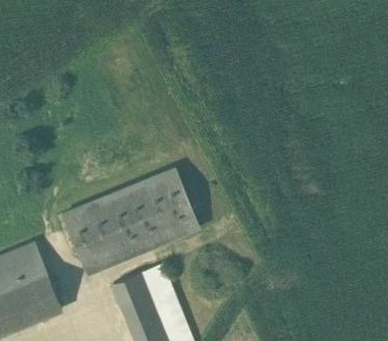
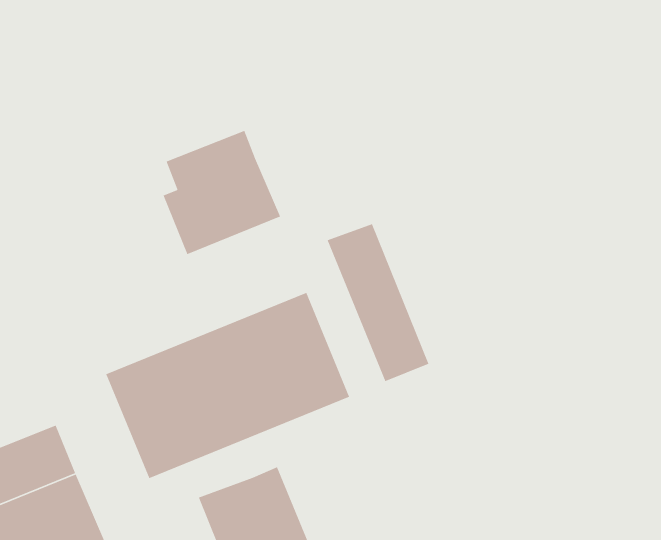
building: none -> [162,130,281,255]
building: none -> [327,223,430,382]

